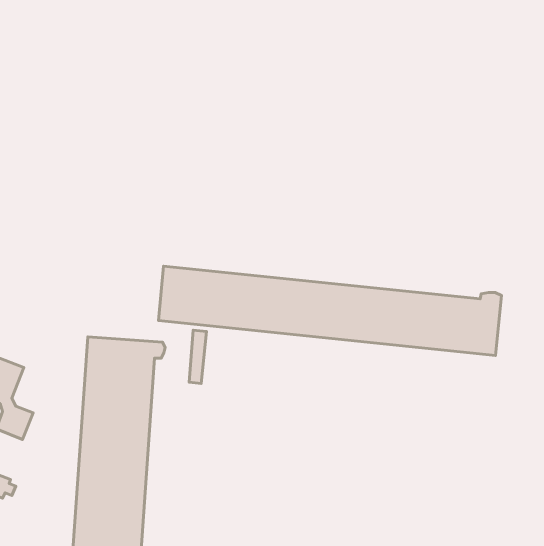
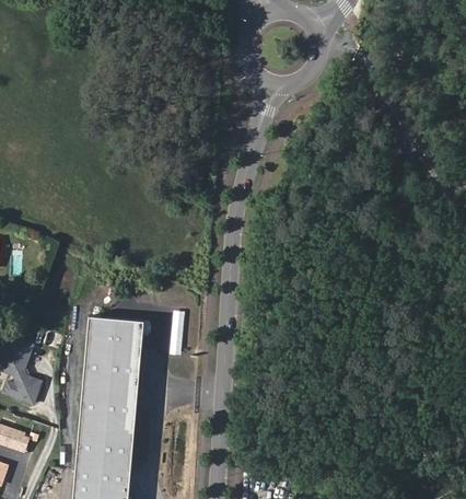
building: [159,266,502,355] -> none

